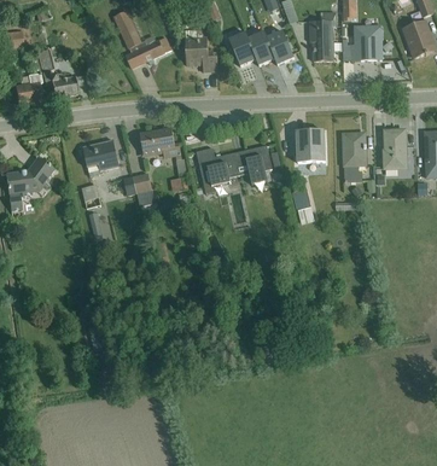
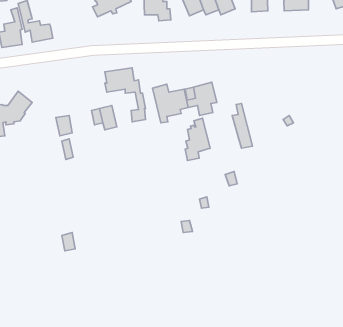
building: [296,130,325,163] -> none
building: [381,130,406,170] -> none
building: [342,132,366,185] -> none
building: [82,140,118,176] -> none
building: none -> [185,118,210,161]

